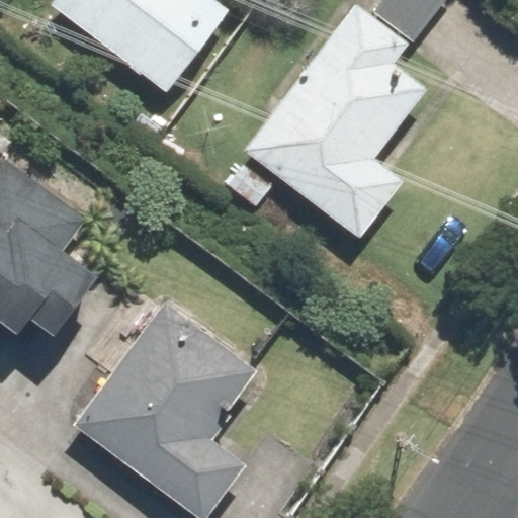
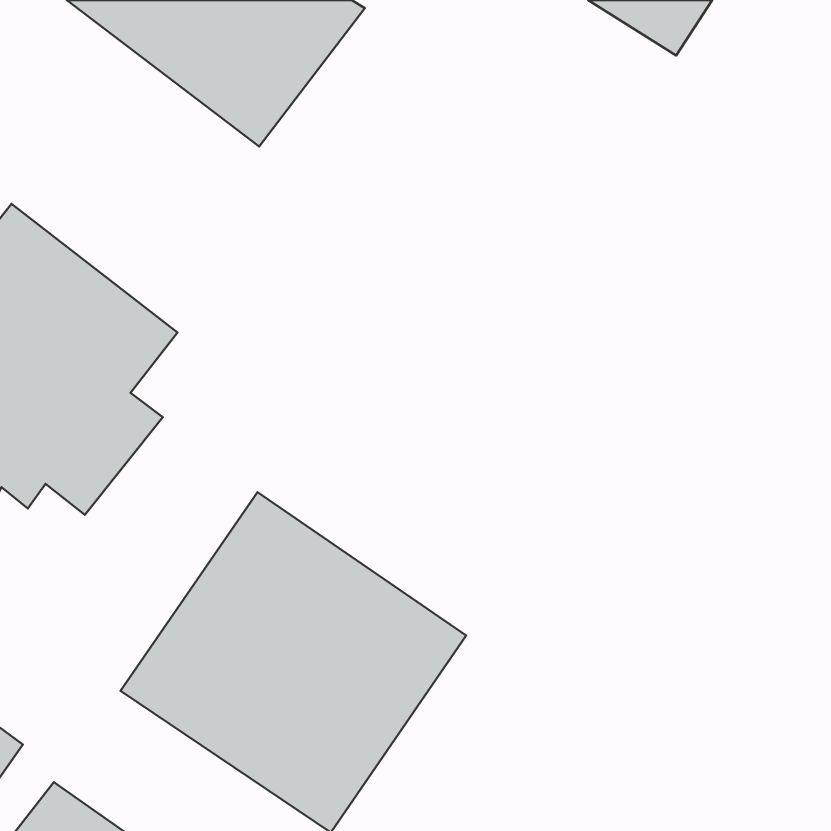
building: [245,9,426,232] -> none

